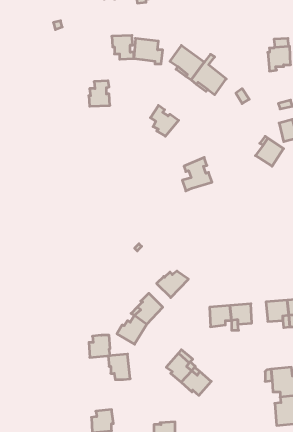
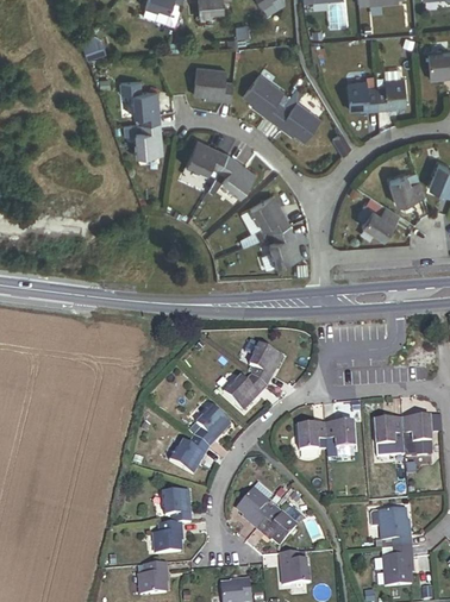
building: [112,35,134,59] -> [130,90,160,123]
building: none -> [346,77,377,108]
building: none -> [186,139,227,173]
building: none -> [248,195,289,239]
building: none -> [252,345,286,389]
building: [89,335,110,357] -> [152,525,181,554]
building: none -> [281,554,311,589]

